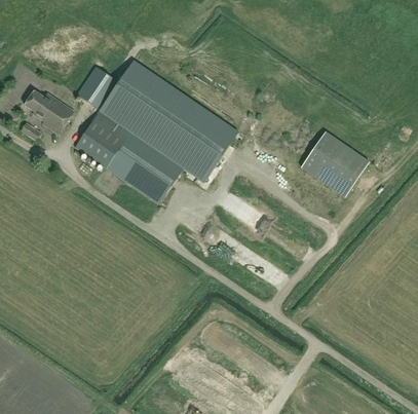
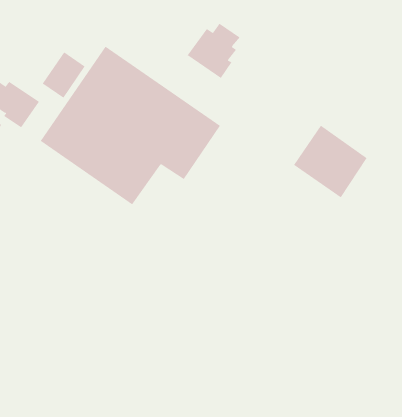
building: none -> [187,23,240,79]

